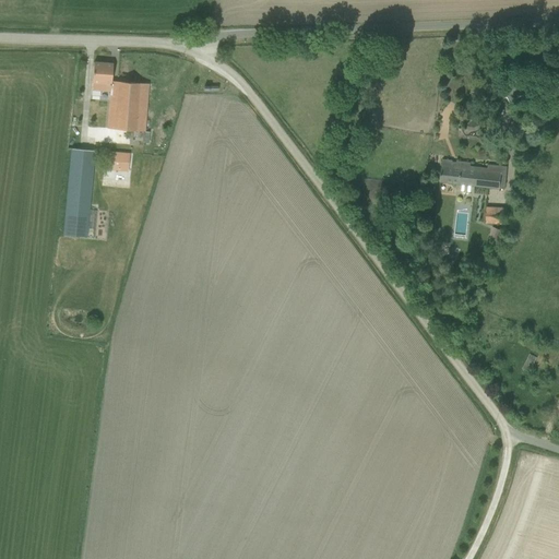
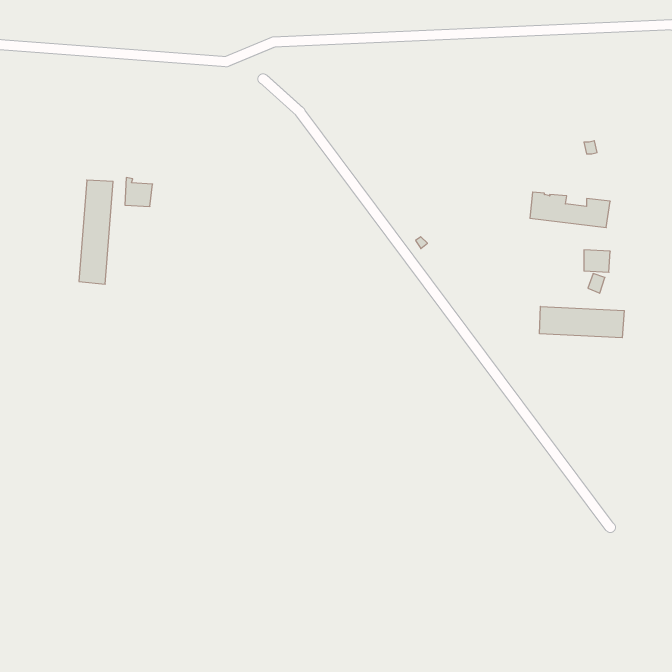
building: [91,62,148,131] -> none
building: none -> [540,306,624,338]

